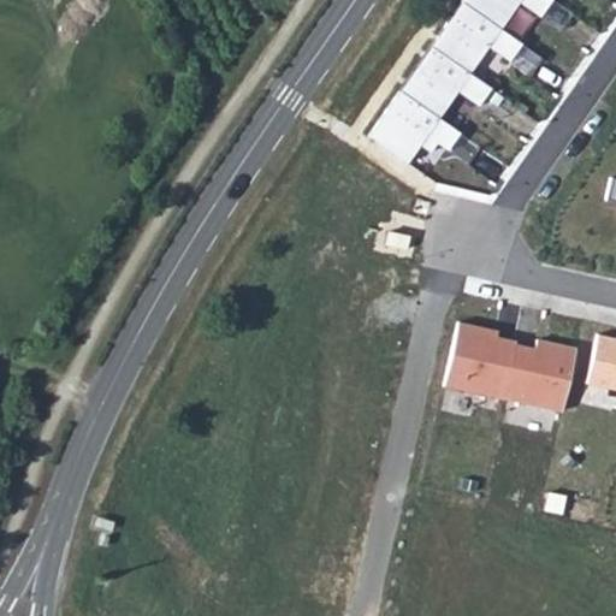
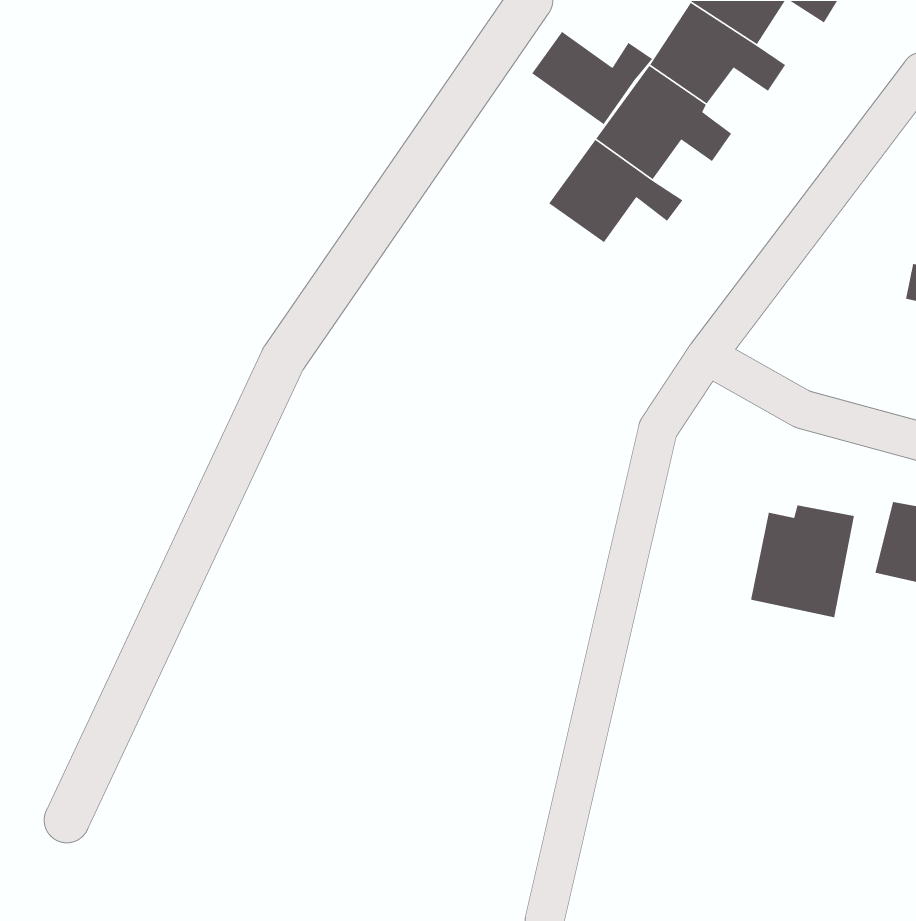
building: none -> [531,31,653,125]
building: [446,321,516,401] -> none

